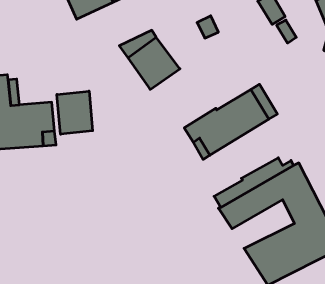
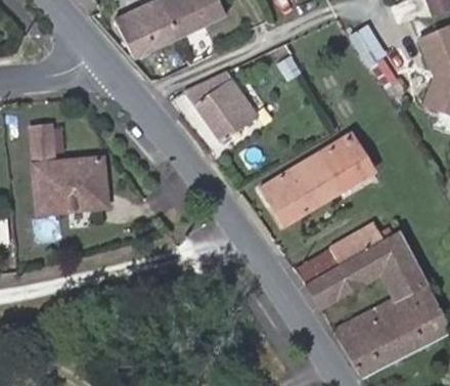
building: [57,91,93,134] -> none

